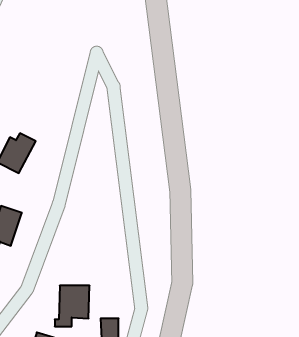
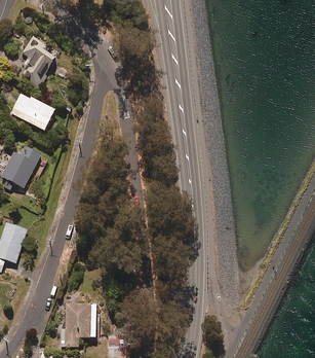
building: none -> [21,36,58,86]
building: none -> [10,93,55,131]

